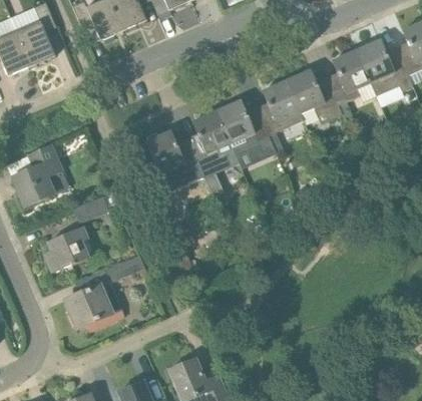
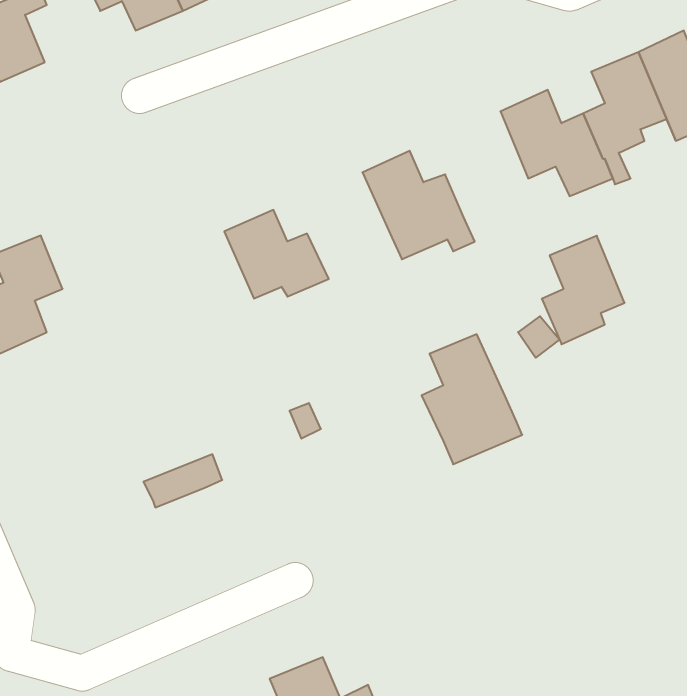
building: [259,80,301,135] -> [542,236,625,344]
building: [188,111,240,177] -> [422,334,522,464]
building: [73,195,109,223] -> none
building: [45,225,91,273] -> none
building: [64,283,113,330] -> none

